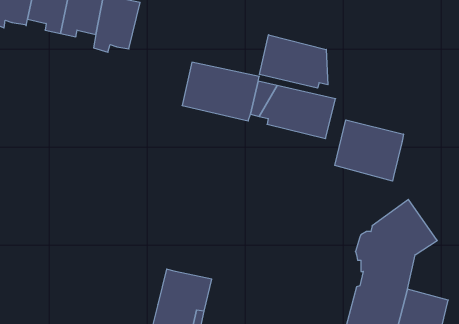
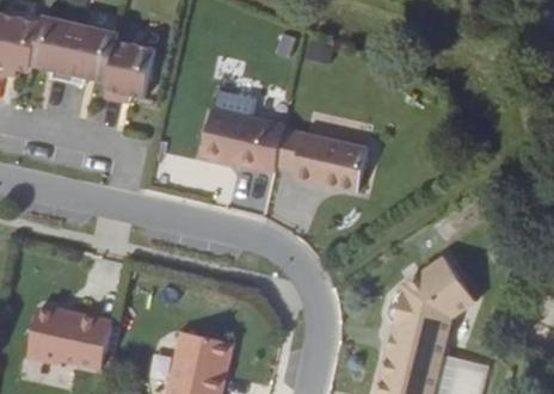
building: [259,35,328,88] -> none
building: [335,120,403,181] -> none
building: none -> [25,308,110,369]

